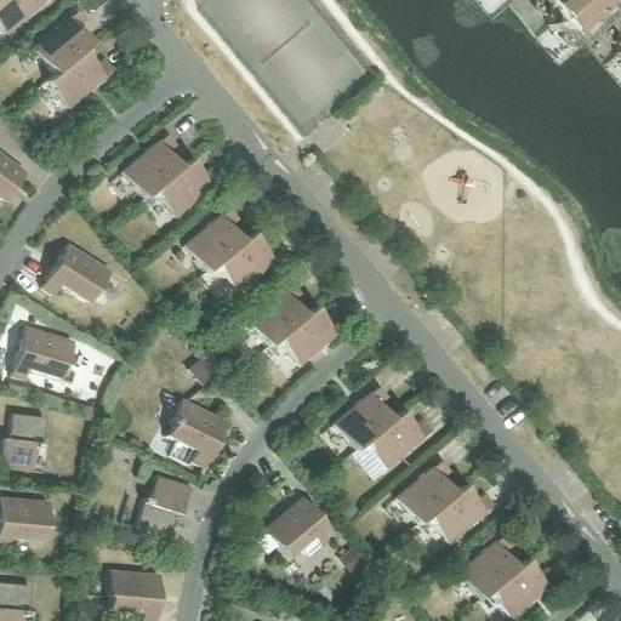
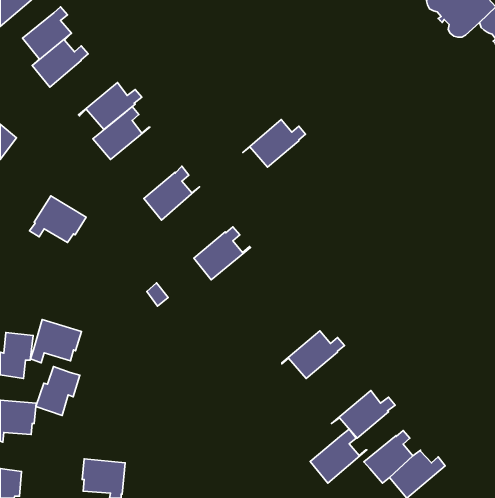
building: [143,158,222,216] -> [78,83,142,130]
building: [206,232,284,291] -> [243,119,306,167]
building: [268,307,347,365] -> none
building: [12,325,75,378] -> [30,320,81,363]
building: [334,384,403,450] -> none
building: [169,398,229,466] -> none
building: [395,458,466,525] -> [310,429,367,483]
building: [137,475,192,536] -> [36,366,80,415]
building: [266,496,330,554] -> none

